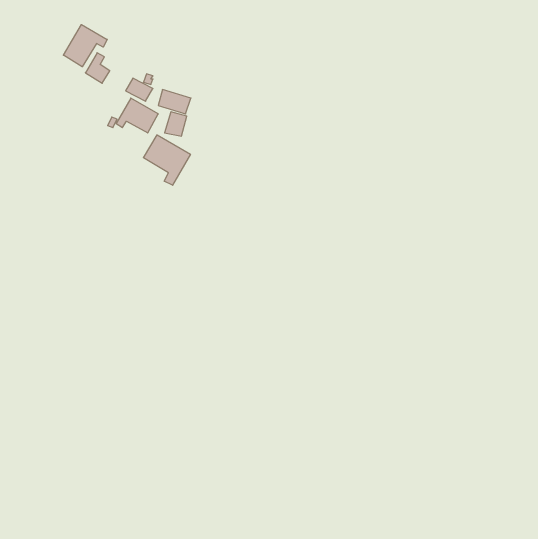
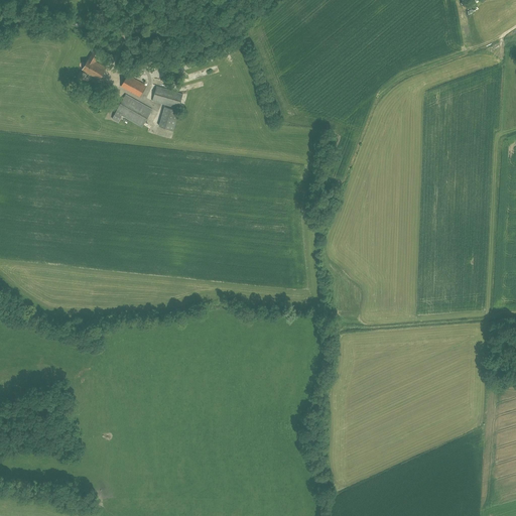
building: [63,25,107,67] -> none
building: [143,135,190,185] -> none

